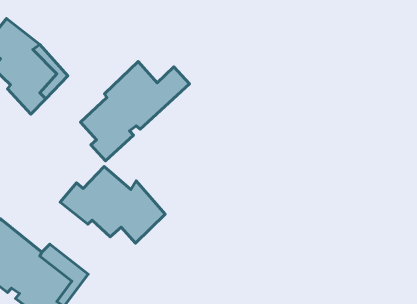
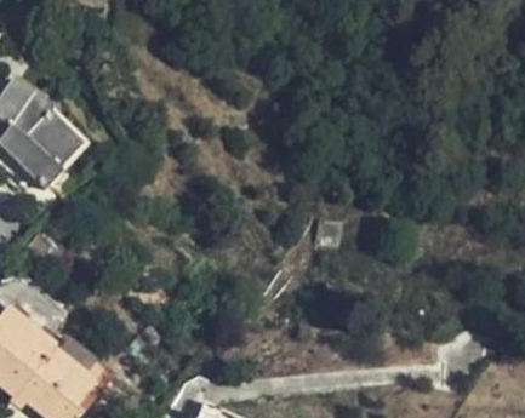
building: [81,61,190,161] -> none
building: [60,166,165,243] -> none

